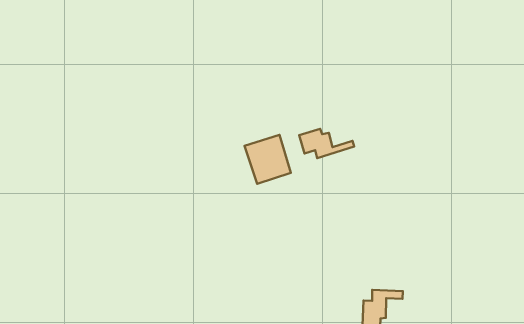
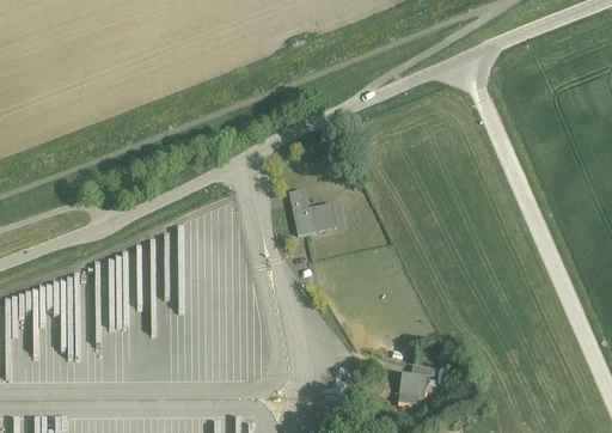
building: [299,129,354,158] -> none

